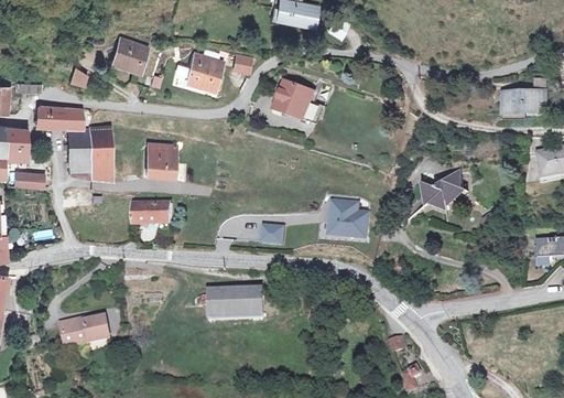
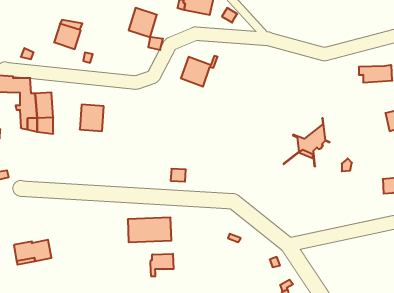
building: [186,53,223,90] -> [129,8,157,37]
building: [329,200,368,237] -> none
building: [132,203,172,223] -> none
building: none -> [150,254,174,276]

